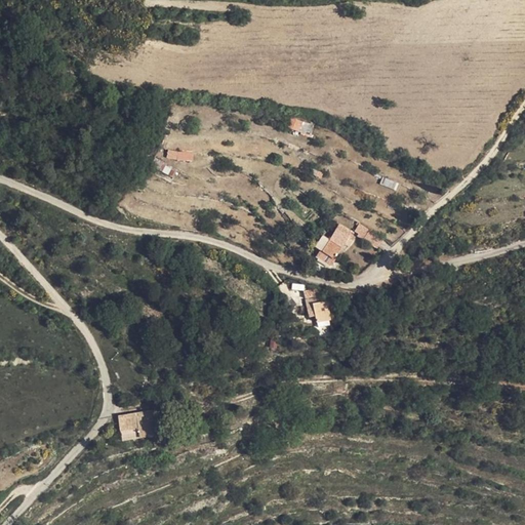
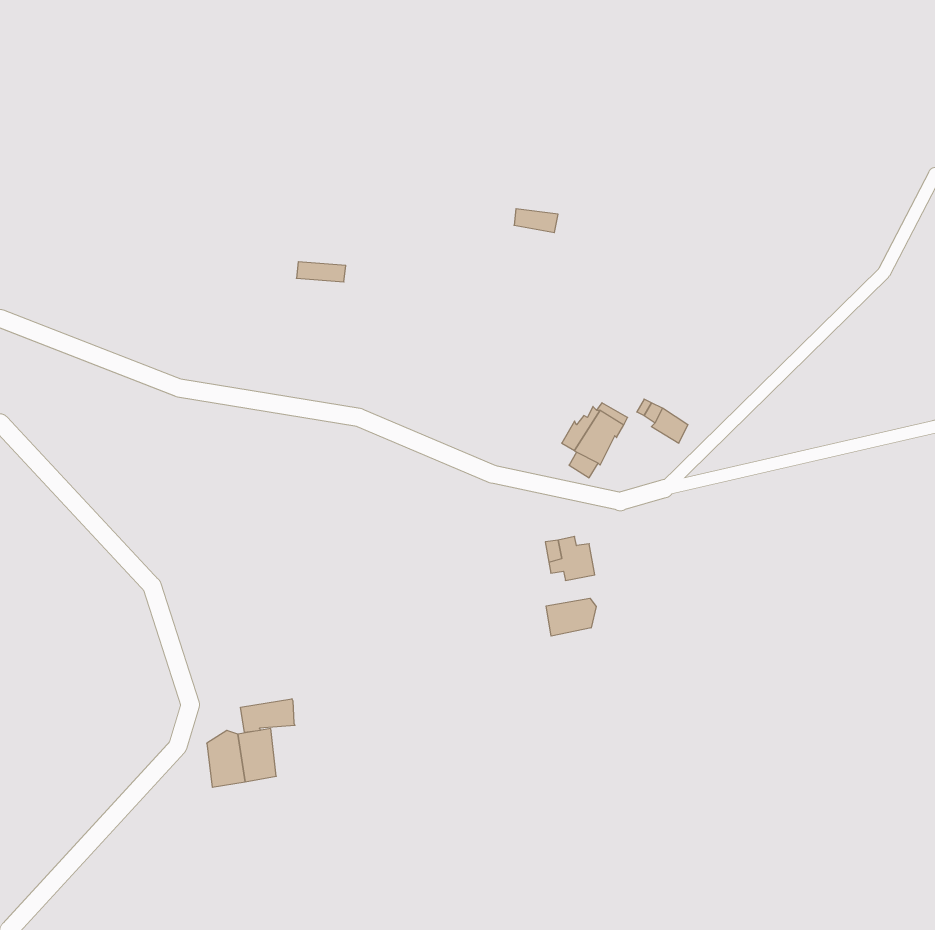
building: none -> [546,598,596,636]
building: none -> [241,699,295,732]

